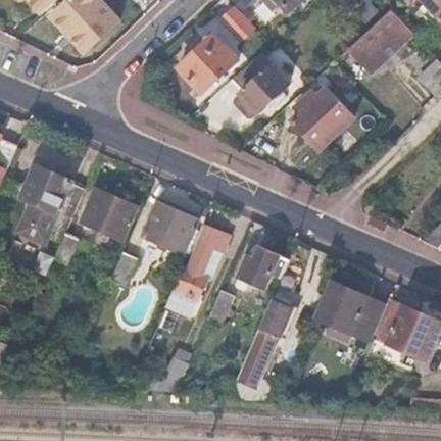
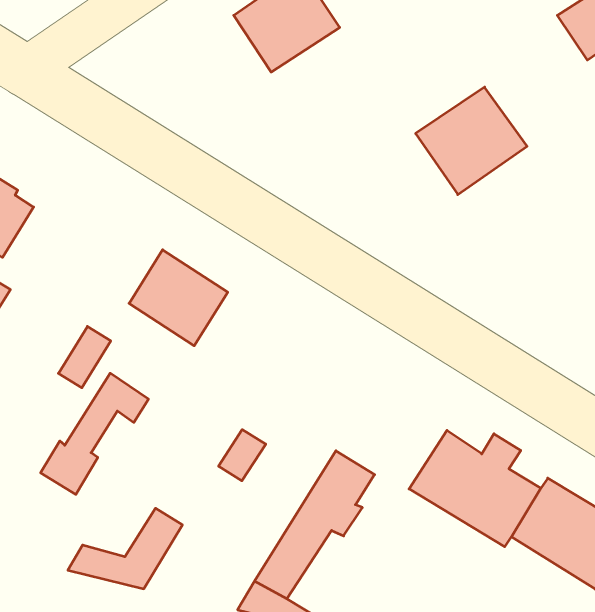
building: [231,53,286,117] -> none
building: [80,188,136,241] -> none
building: [175,227,229,297] -> [41,373,148,494]
building: [234,248,289,291] -> none

